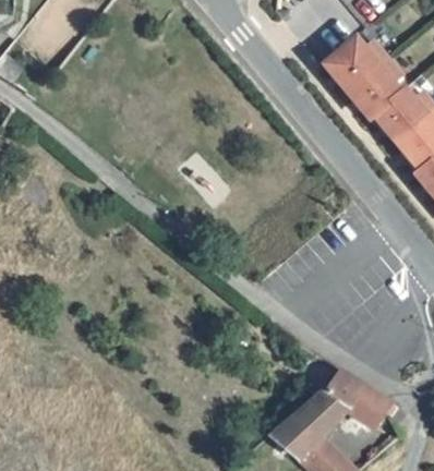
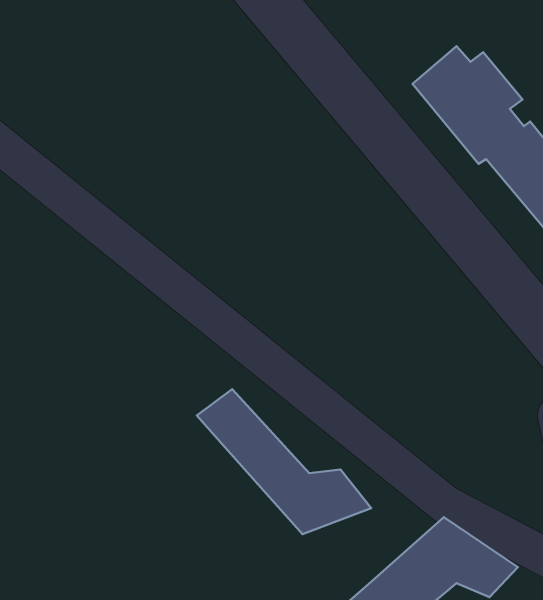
building: none -> [197,389,371,534]

